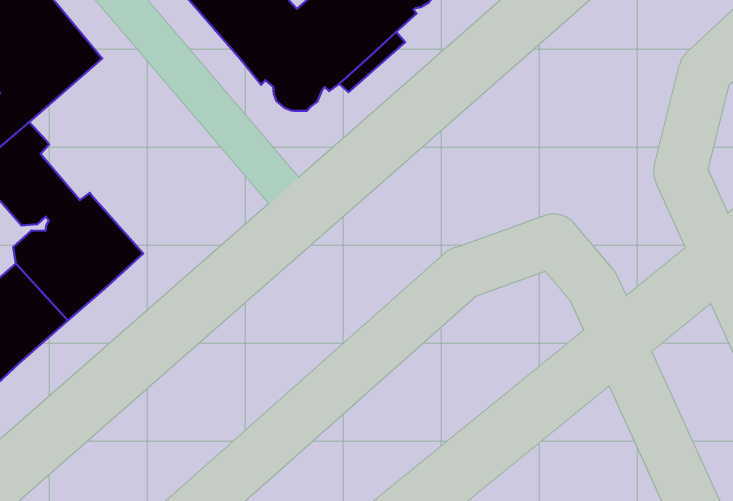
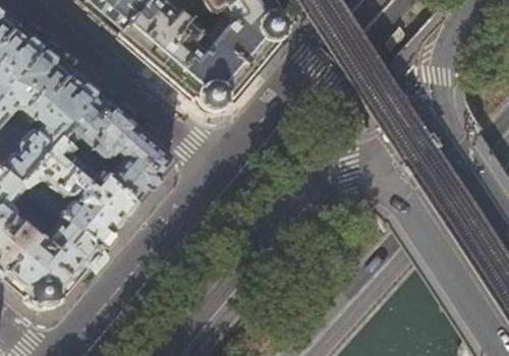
building: none -> [58,90,170,198]

